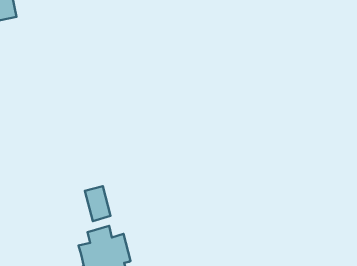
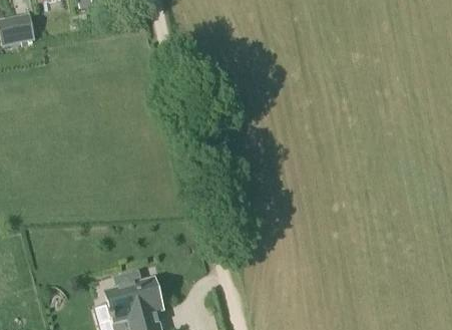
building: [85,186,110,221] -> none

